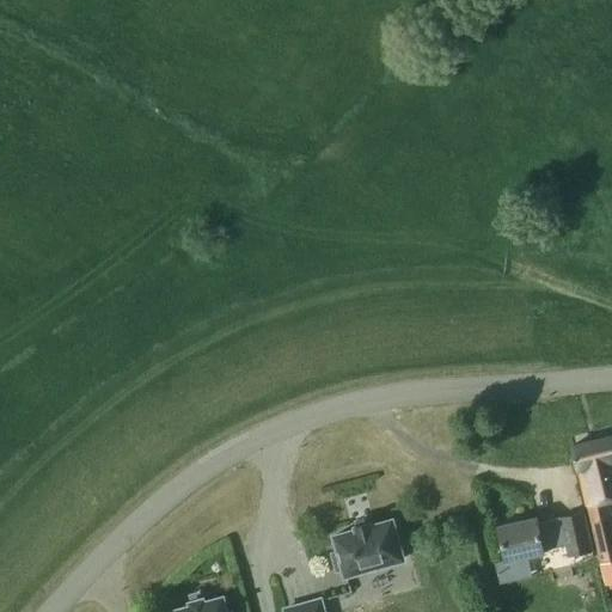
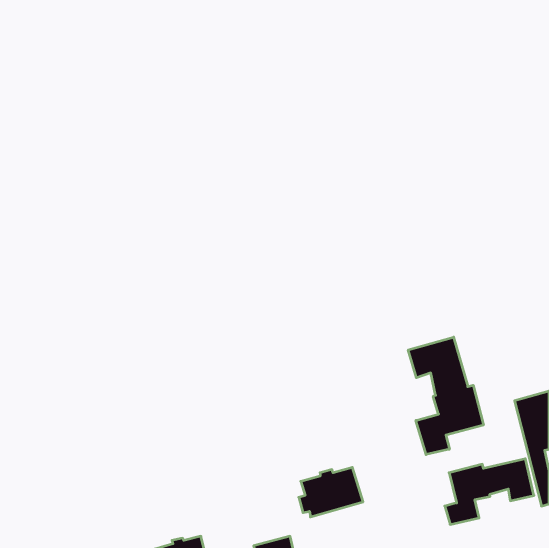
building: none -> [408,337,483,455]

